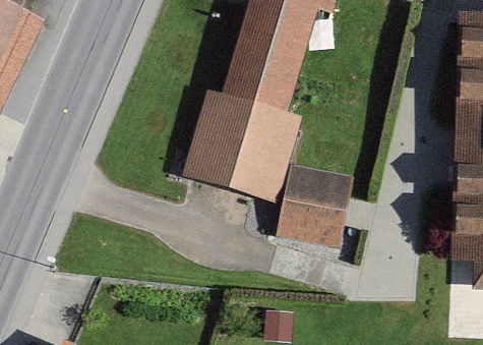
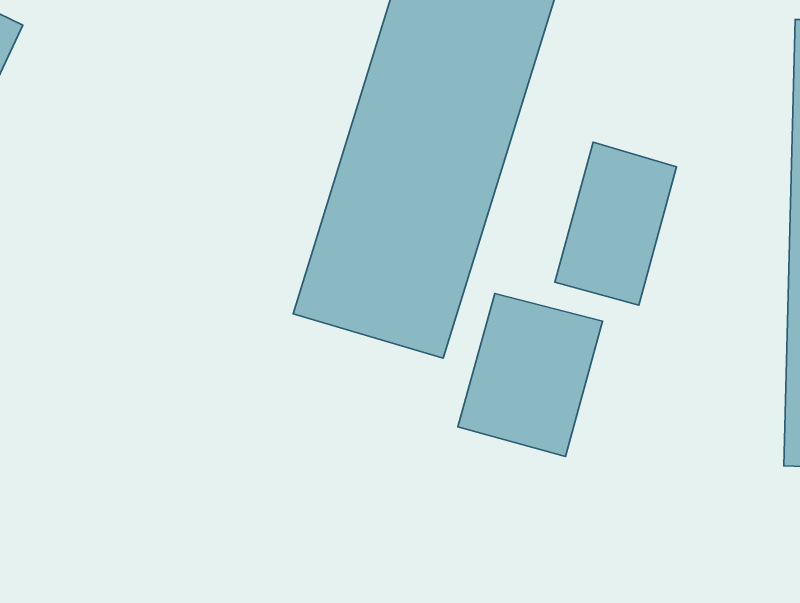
building: none -> [555,142,676,305]

